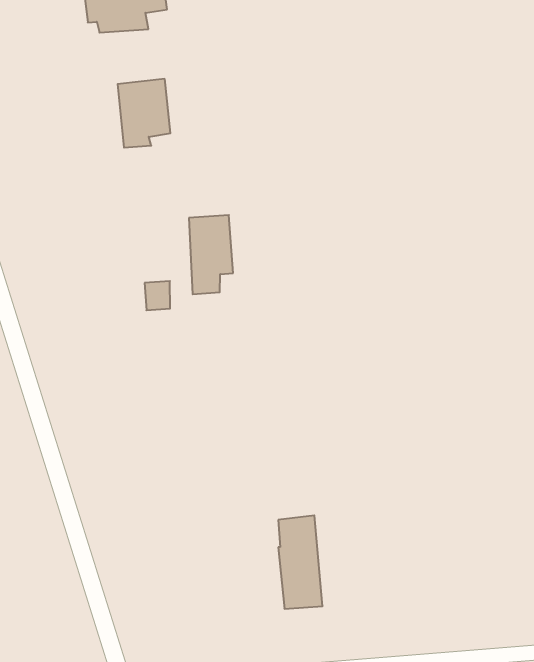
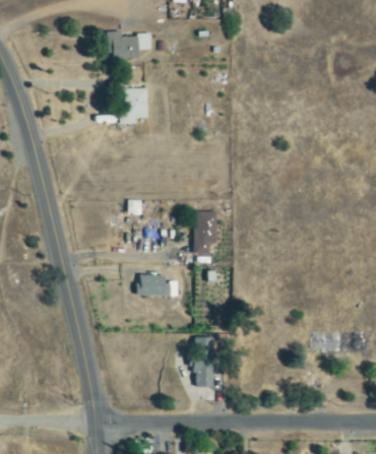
building: [189,215,233,294] -> [194,211,217,254]
building: none -> [136,275,178,297]

